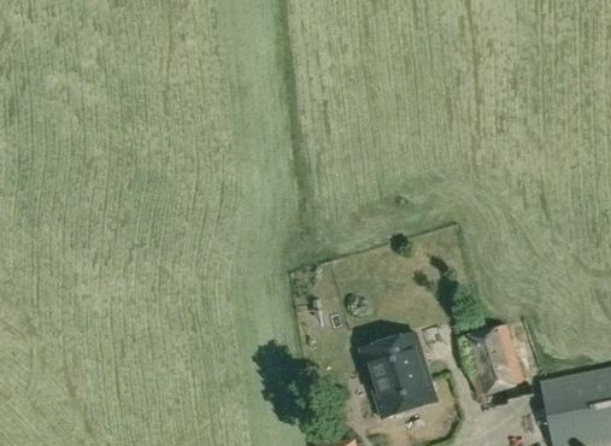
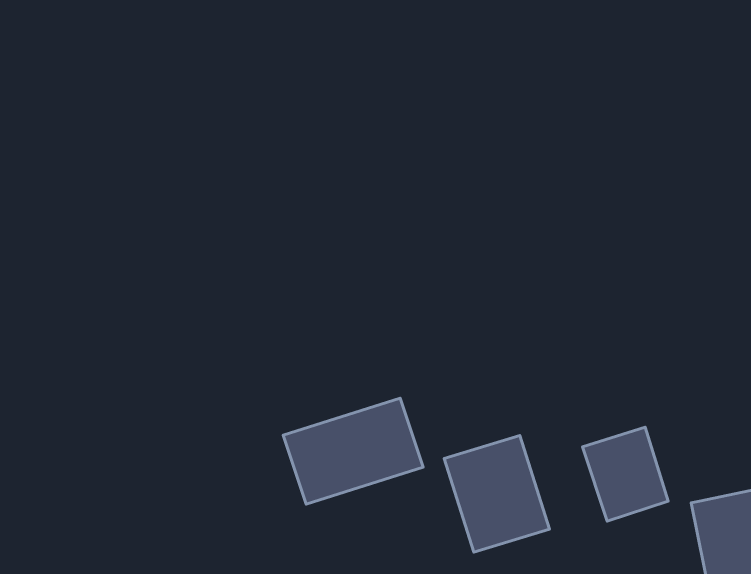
building: none -> [283,398,423,504]

